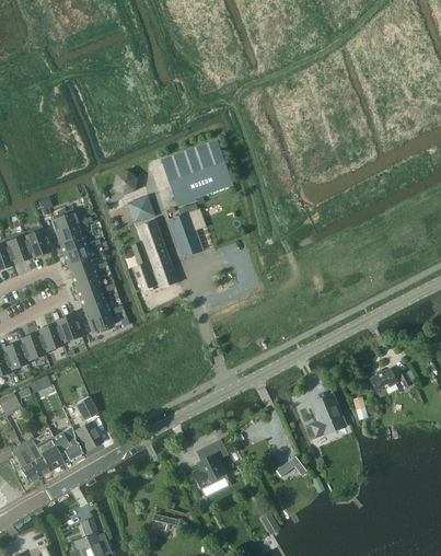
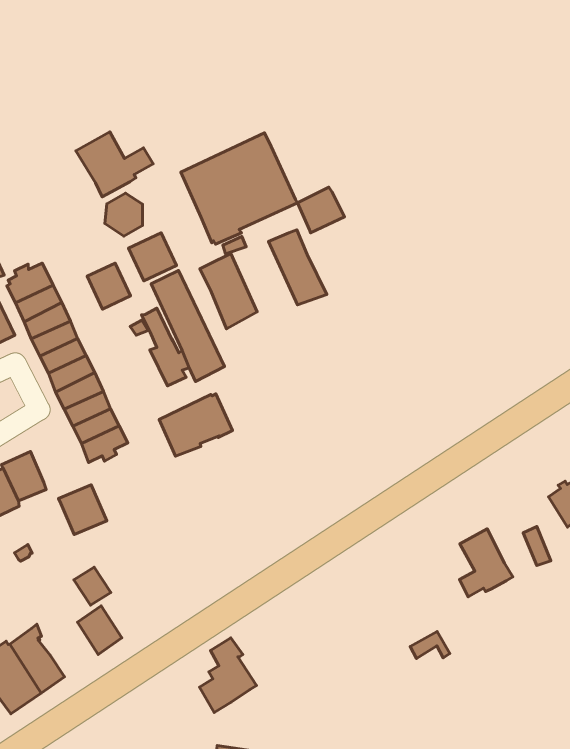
building: none -> [76,132,153,197]
building: none -> [298,187,344,233]
building: none -> [268,230,327,305]
building: none -> [87,263,130,309]
building: none -> [159,394,232,456]
building: [55,313,83,343] -> [59,485,107,534]
building: [51,428,82,460] -> none
building: [193,443,228,488] -> [199,638,256,713]

